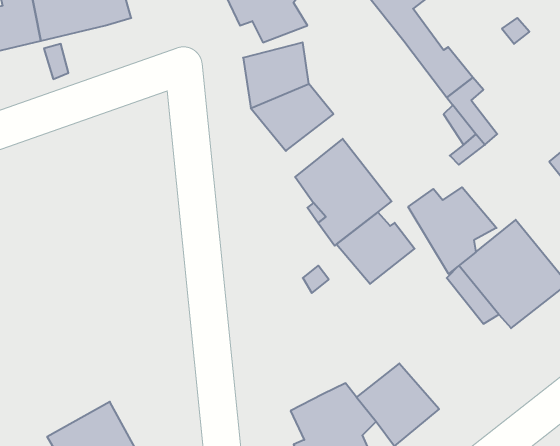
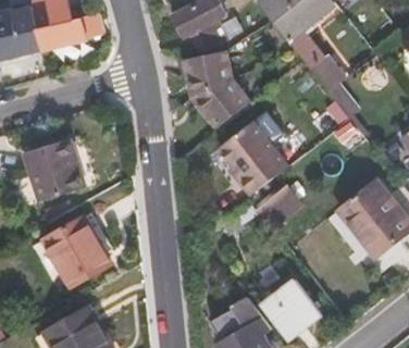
building: none -> [22,138,84,201]
building: [408,187,497,274] -> none
building: none -> [41,216,109,287]

